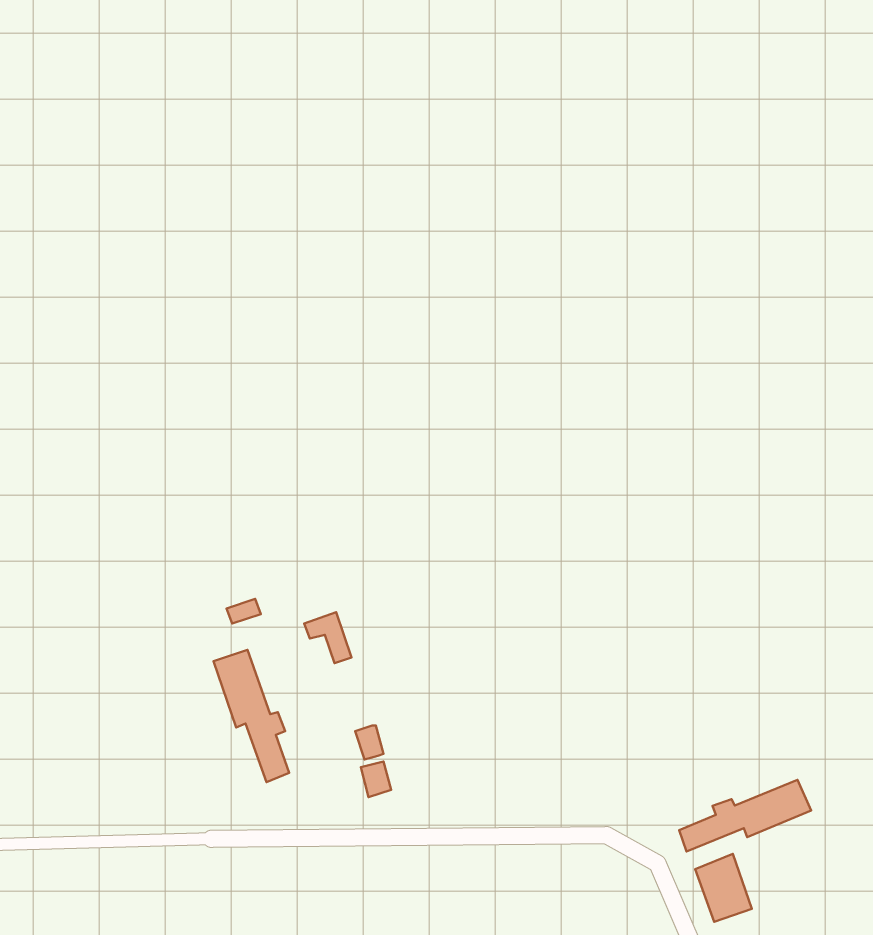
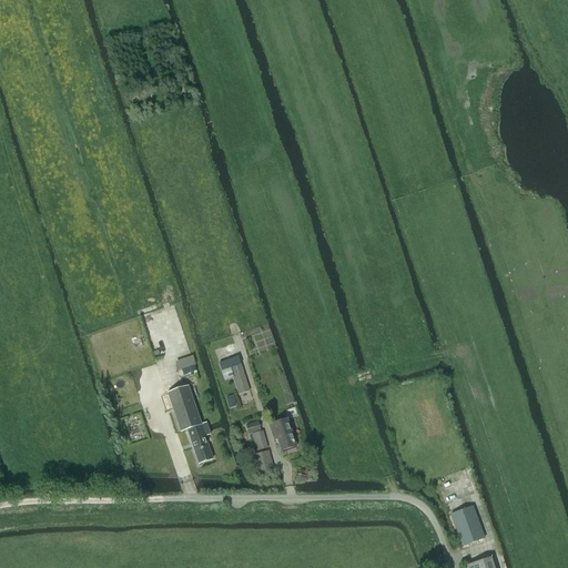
building: none -> [270,417,295,448]
building: [679,780,811,852] -> none

